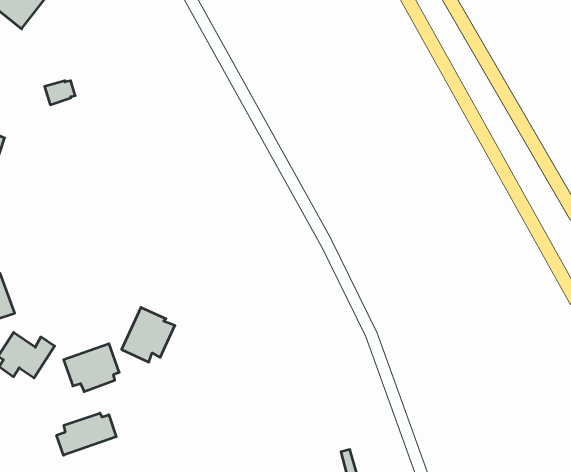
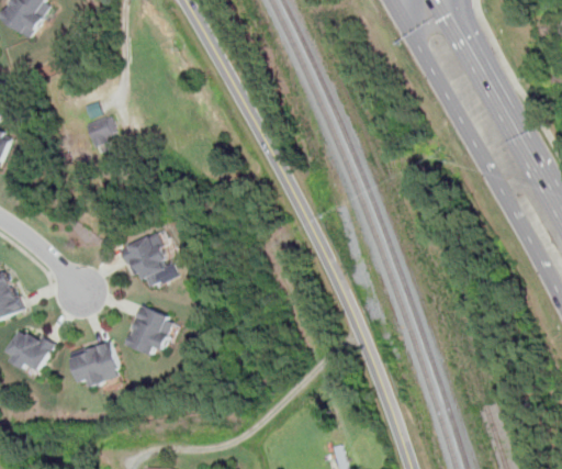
building: [45,81,75,105] -> [88,115,117,138]
building: none -> [121,233,172,289]
building: [57,413,116,455] -> none

